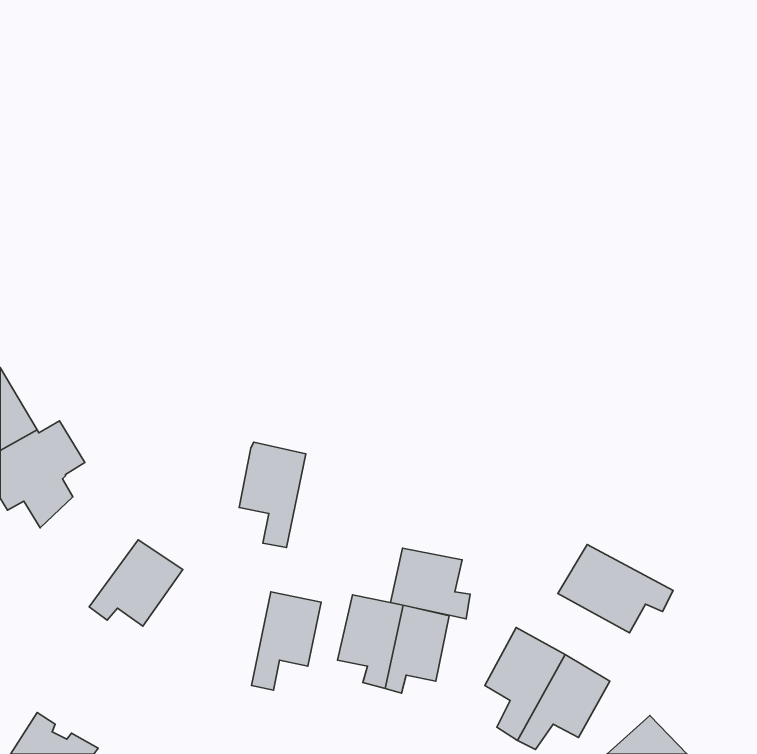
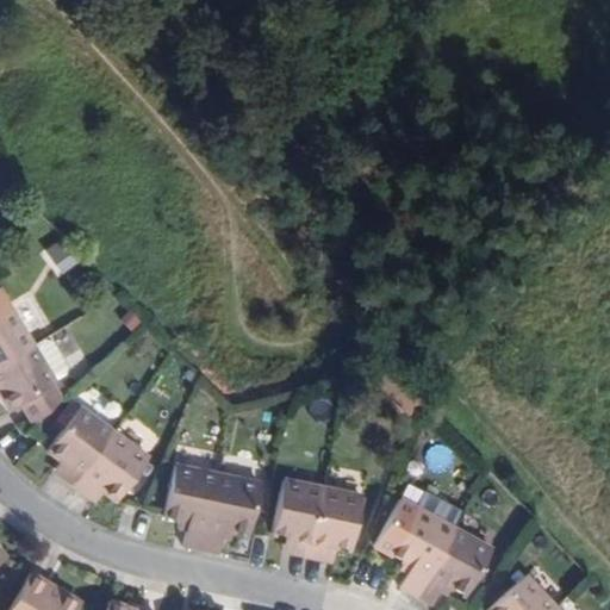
building: [239,442,306,548] -> [166,465,219,549]
building: none -> [46,407,113,487]
building: [558,544,673,633] -> none
building: [390,548,470,619] -> none

